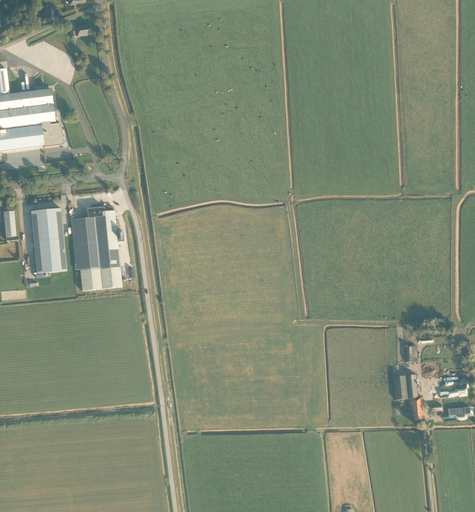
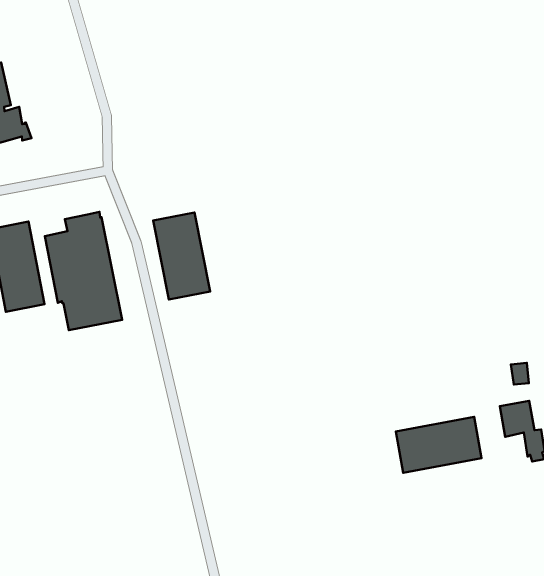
building: none -> [153,212,210,299]
building: none -> [396,417,482,473]

